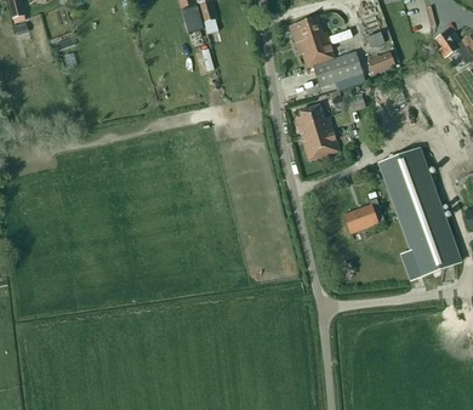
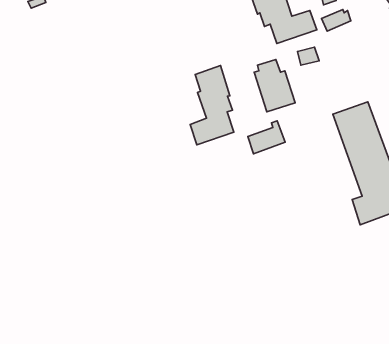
building: none -> [190,66,234,145]
building: [344,198,384,233] -> [248,121,285,154]

